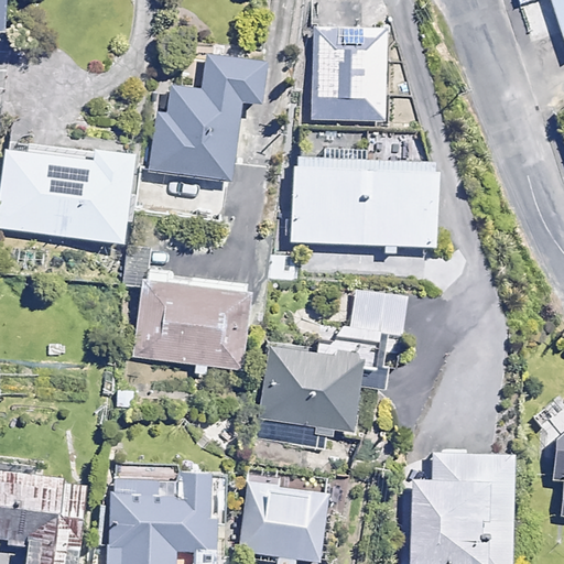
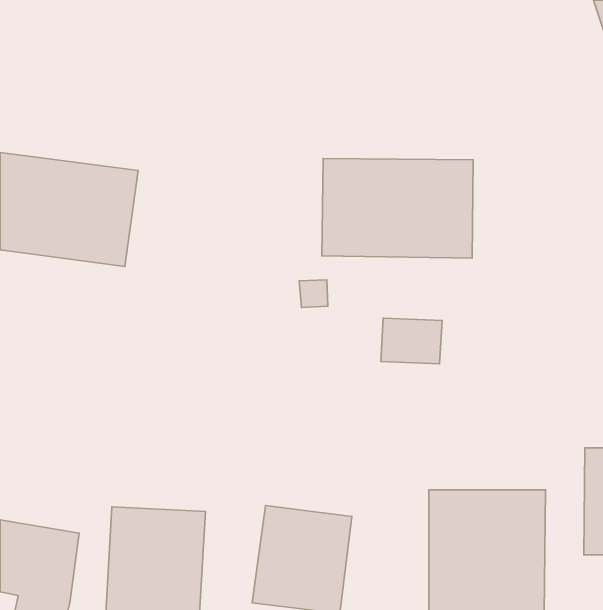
building: [302,35,386,124] -> none
building: [156,50,263,181] -> none
building: [127,279,253,381] -> none
building: [263,347,368,435] -> none

